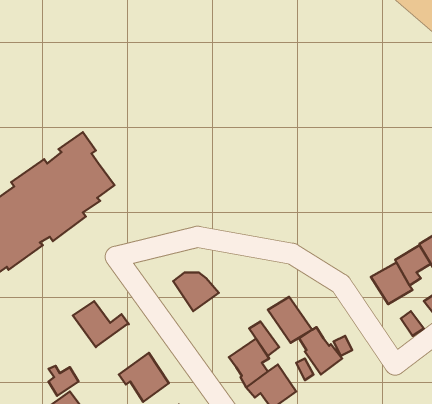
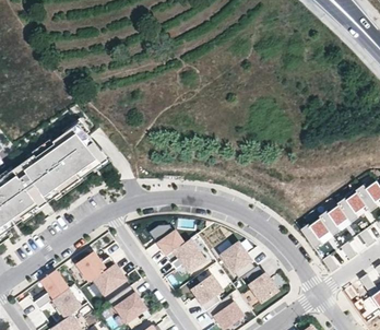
building: none -> [167,239,206,271]
building: none -> [92,264,126,296]
building: none -> [35,271,69,310]

